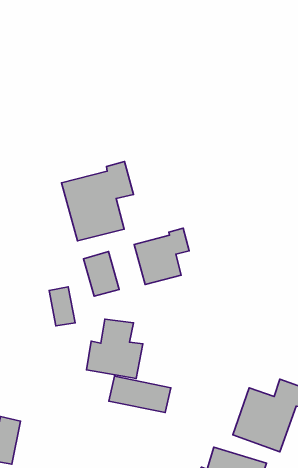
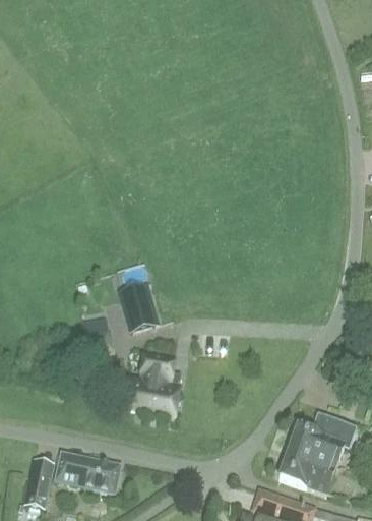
building: [62,161,133,241] -> none
building: [134,228,189,284] -> none
building: [109,376,171,413] -> [53,453,119,491]

